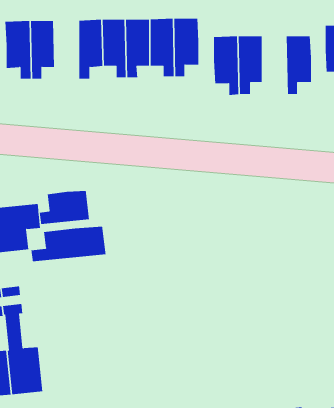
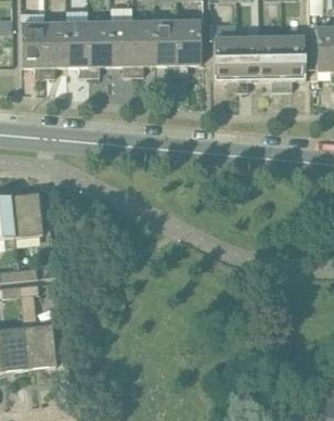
building: none -> [65,23,88,77]
building: none -> [258,37,281,91]
building: [39,190,89,225] -> none
building: [31,226,106,262] -> none

